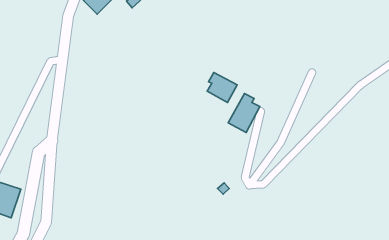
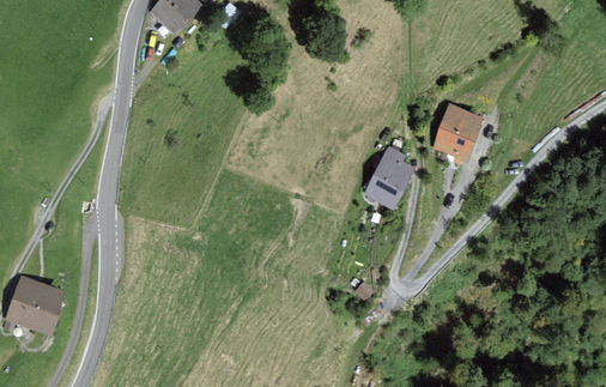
building: none -> [436,105,480,156]
building: [207,72,237,102] -> none

